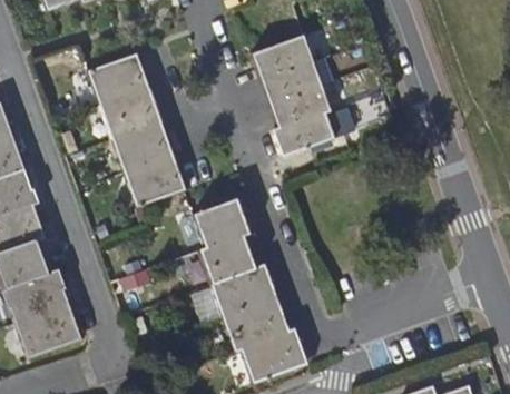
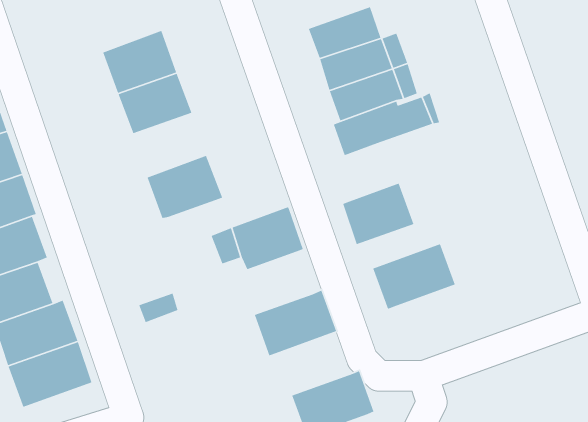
building: [112,121,171,173] -> none
building: [198,233,256,283] -> [342,183,414,245]
building: [222,296,288,349] -> [372,243,456,310]

